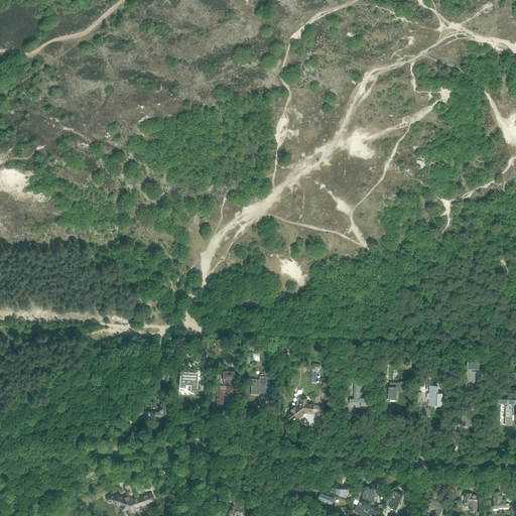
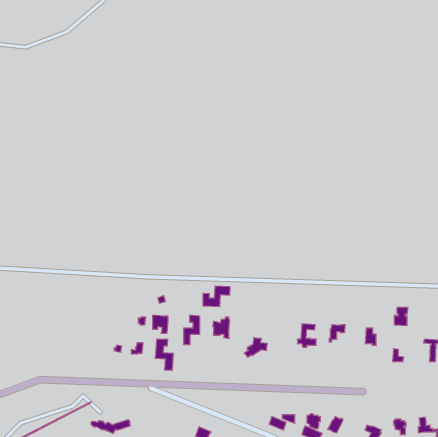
building: none -> [203,286,230,307]
building: none -> [156,339,173,371]

